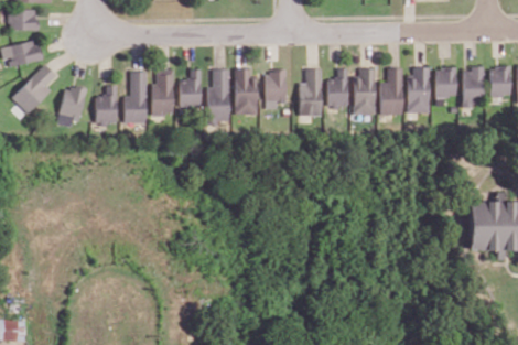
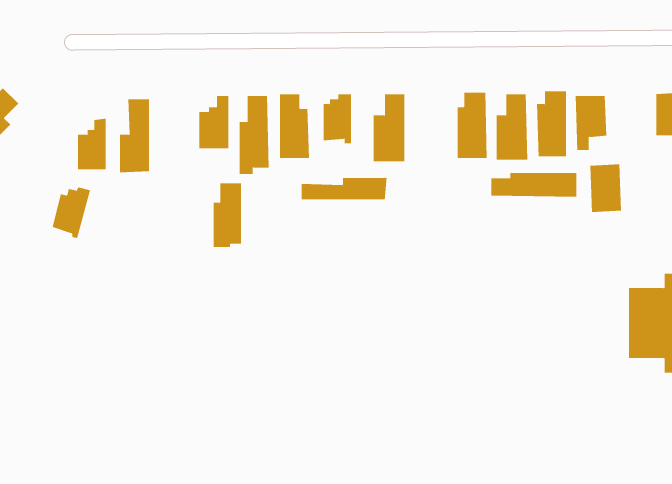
building: [327,69,346,106] -> none
building: [463,69,485,103] -> [590,164,622,212]
building: [152,71,172,115] -> [213,183,242,247]
building: [61,86,87,121] -> [52,187,91,239]
building: none -> [491,172,577,197]
building: none -> [301,177,387,200]

